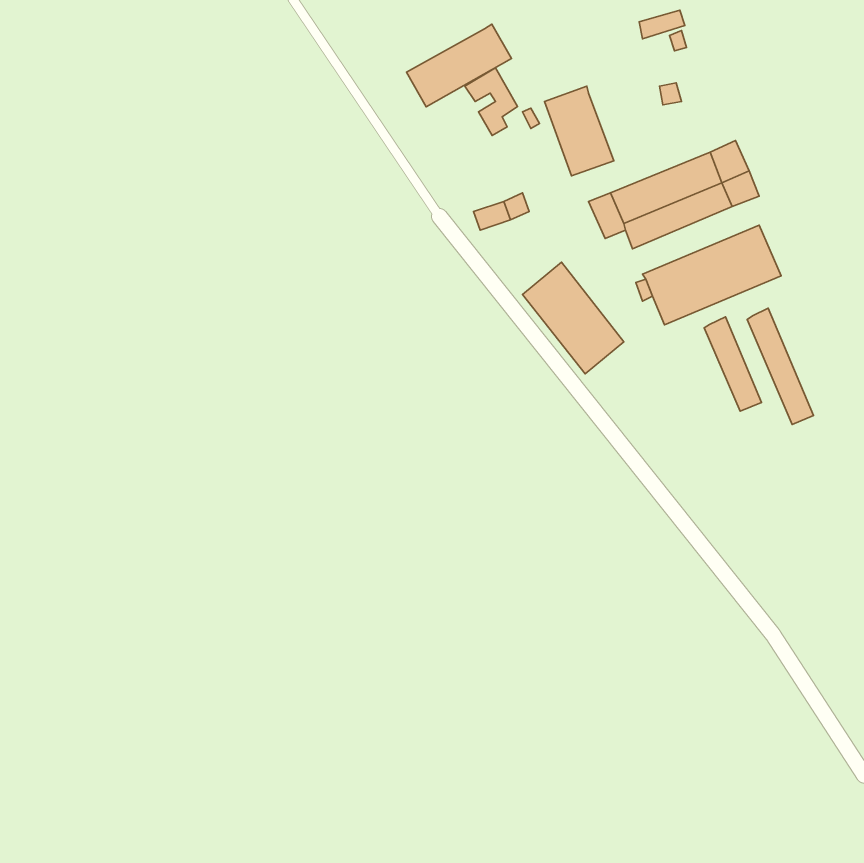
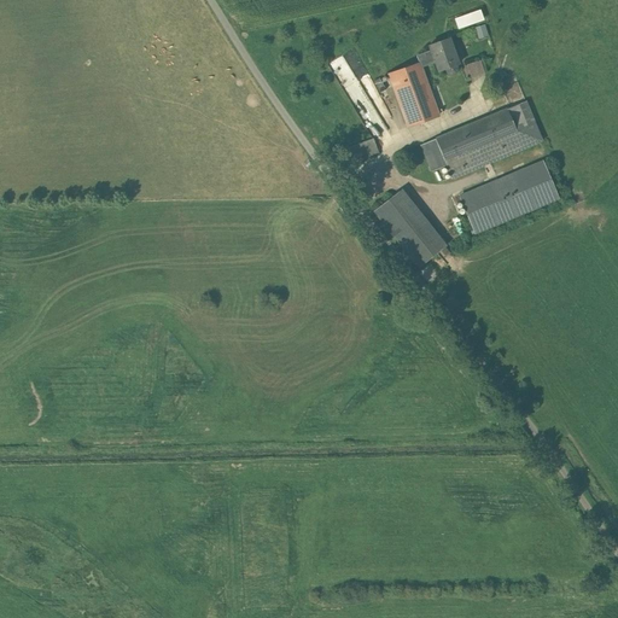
building: [407,24,511,107] -> none
building: none -> [416,37,457,72]
building: [747,308,813,424] -> none
building: [704,317,762,411] -> none

